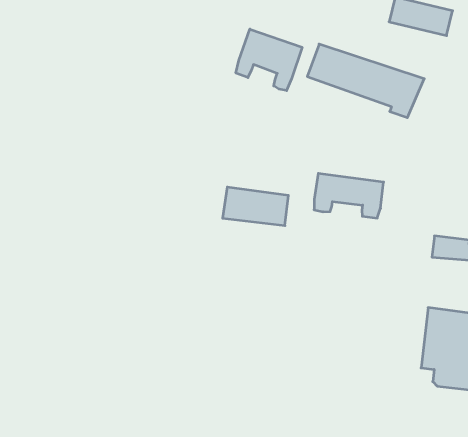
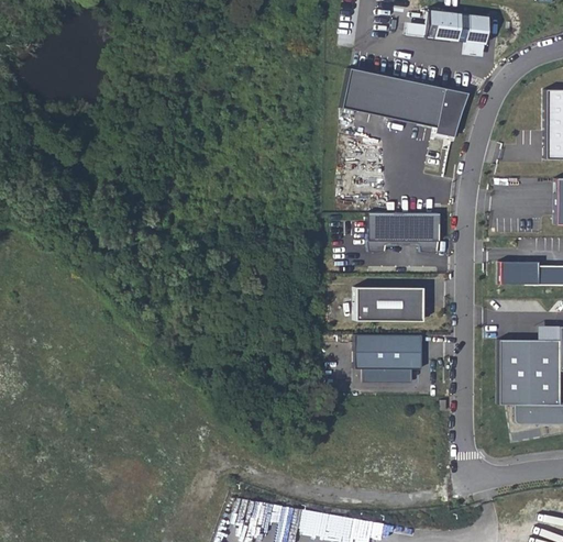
building: [236,29,302,91] -> none
building: [223,187,288,226] -> [353,285,421,319]
building: none -> [357,334,422,383]

